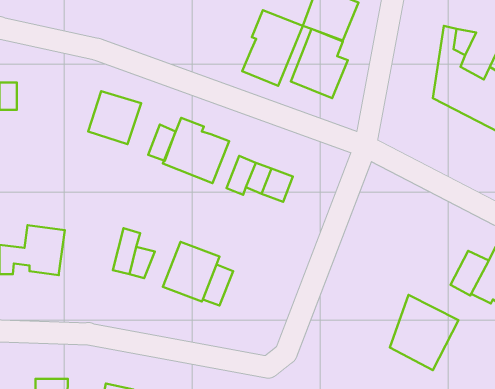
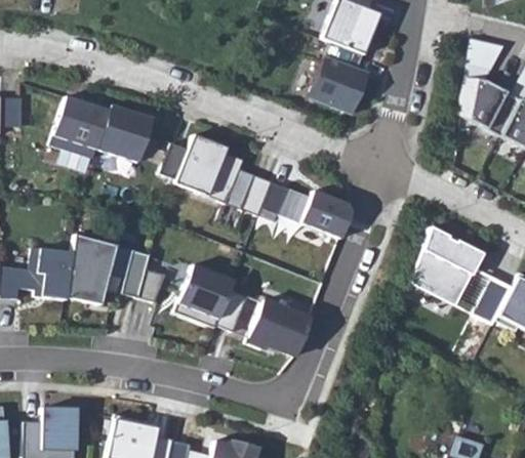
building: [242,10,303,86] -> none
building: none -> [51,96,111,158]
building: none -> [301,190,352,238]
building: none -> [67,235,116,301]
building: none -> [247,299,311,356]
building: [390,295,458,370] -> [415,223,487,302]

